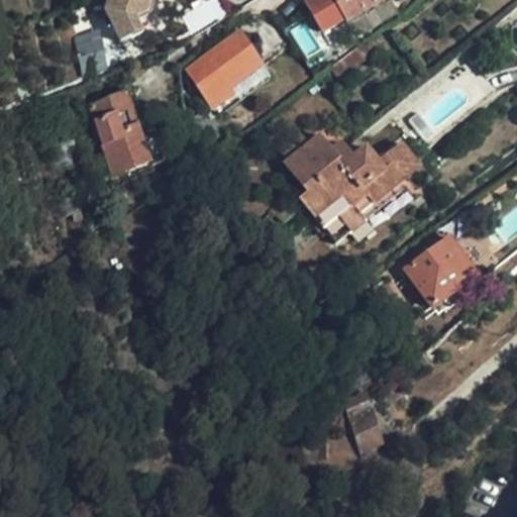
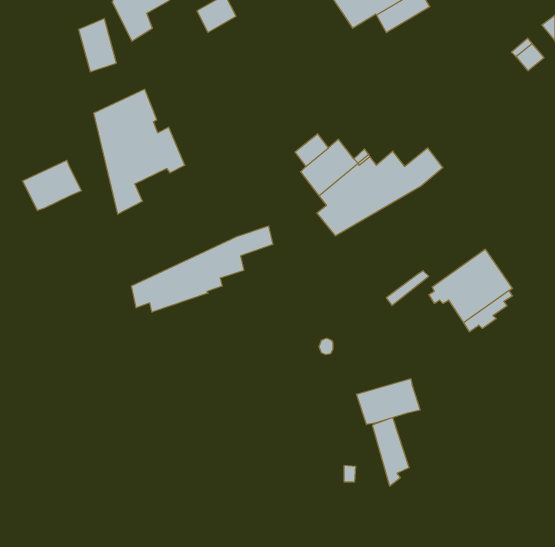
building: [193,27,273,110] -> none
building: none -> [23,160,81,211]
building: [311,156,416,242] -> none
building: none -> [132,226,273,312]
building: none -> [356,379,420,425]

